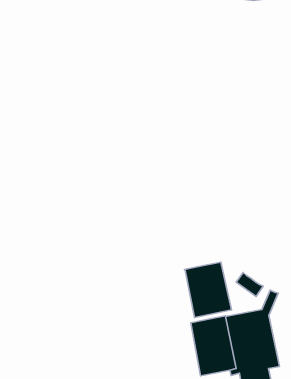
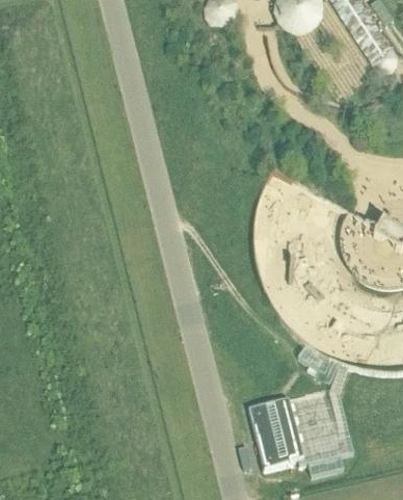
building: [185,262,231,317] -> none

